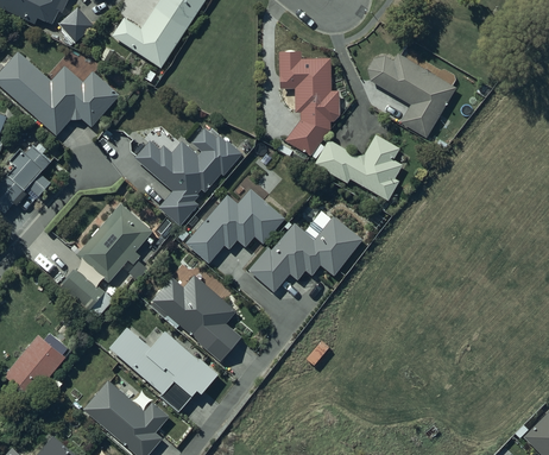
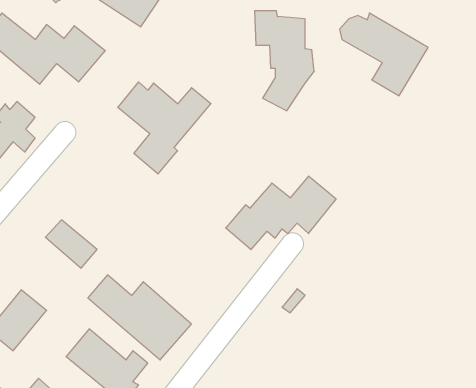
building: [313,134,400,200] -> none
building: [183,194,285,270] -> none
building: [78,204,151,278] -> none
building: [150,274,238,358] -> none

